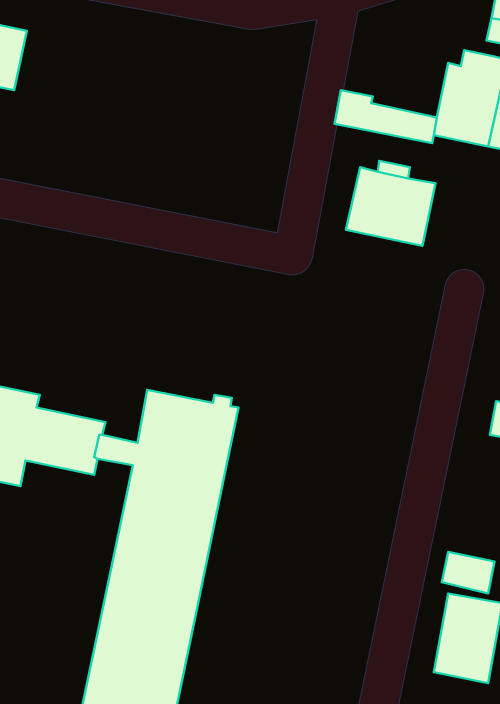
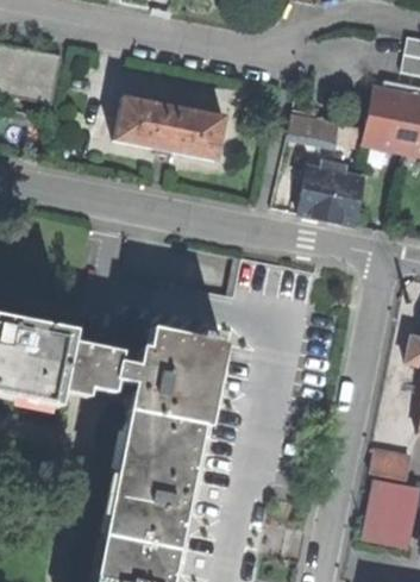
building: none -> [115,96,226,159]

